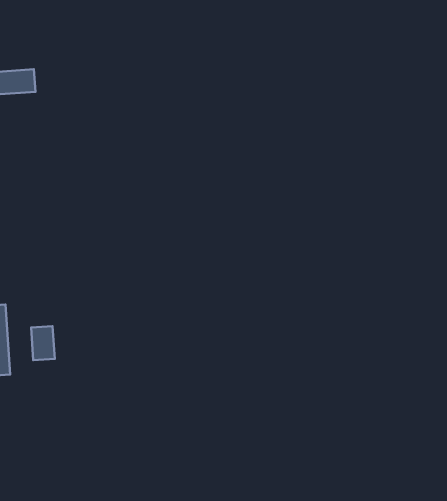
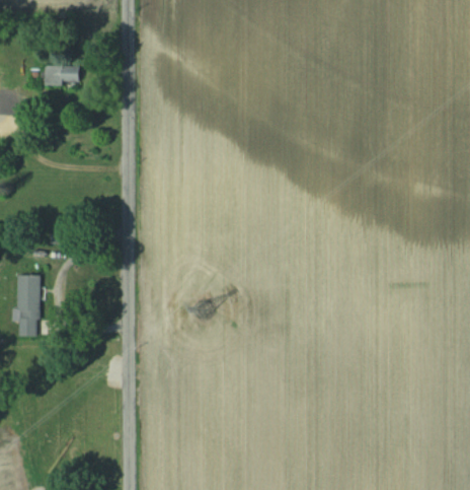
building: [31,326,55,360] -> none

